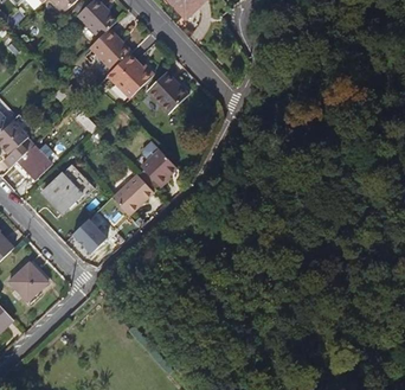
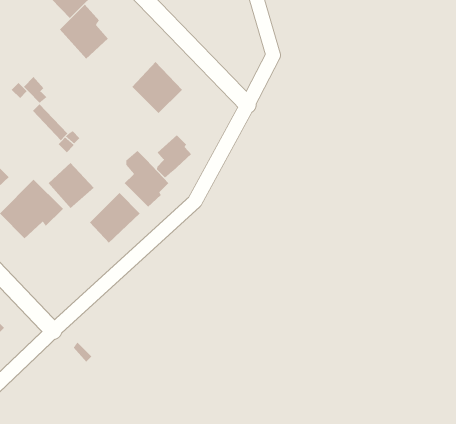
building: [107,53,154,98] -> none
building: none -> [157,135,192,178]
building: [70,218,107,255] -> [48,162,95,209]

